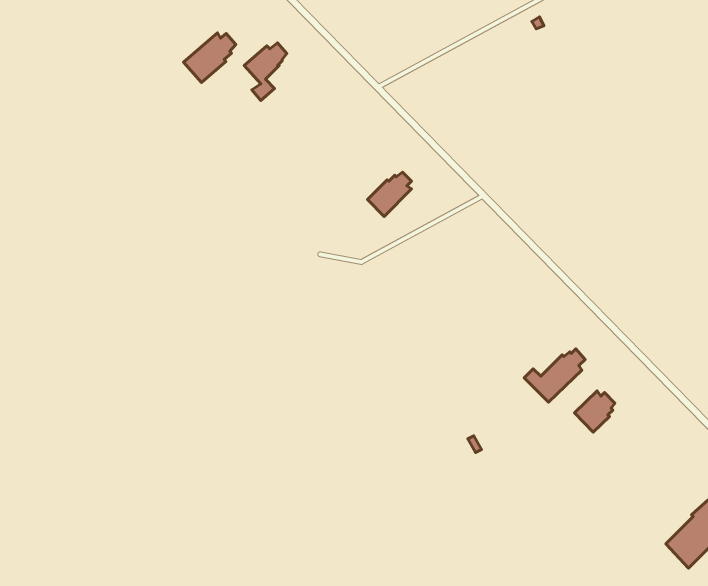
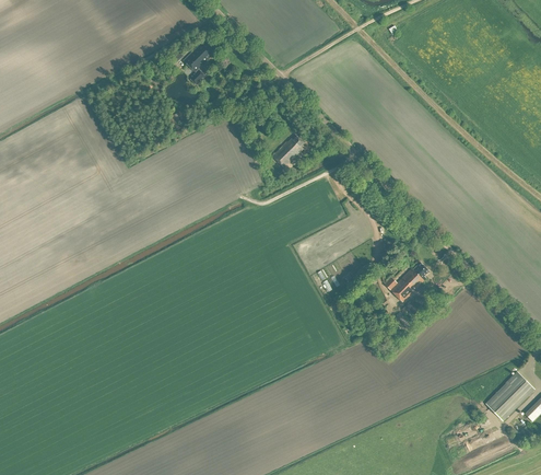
building: [184,33,236,82] -> none
building: [574,391,615,432] -> none

